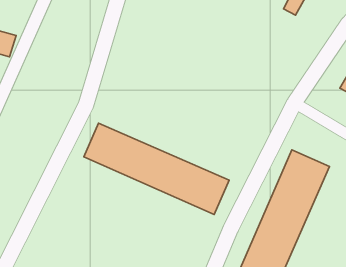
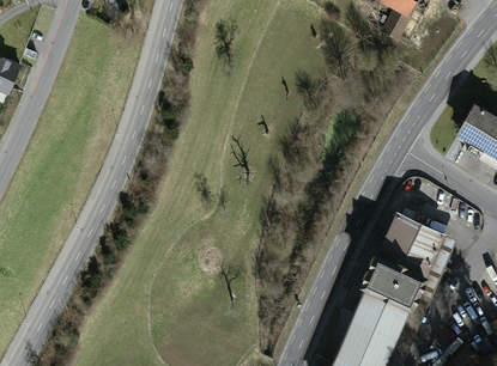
building: [84,123,229,214] -> none

